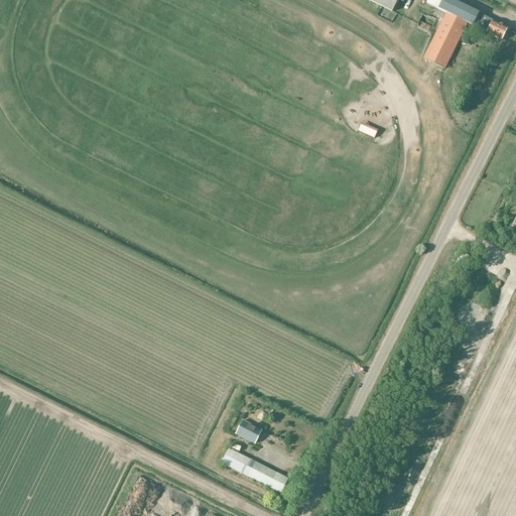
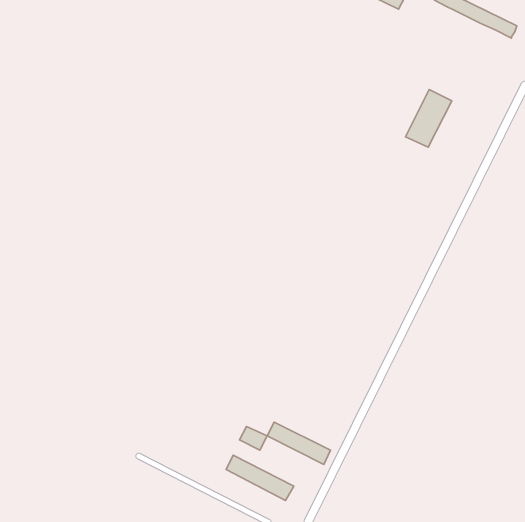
building: [422,10,468,67] -> [406,90,452,147]
building: none -> [267,422,330,465]

